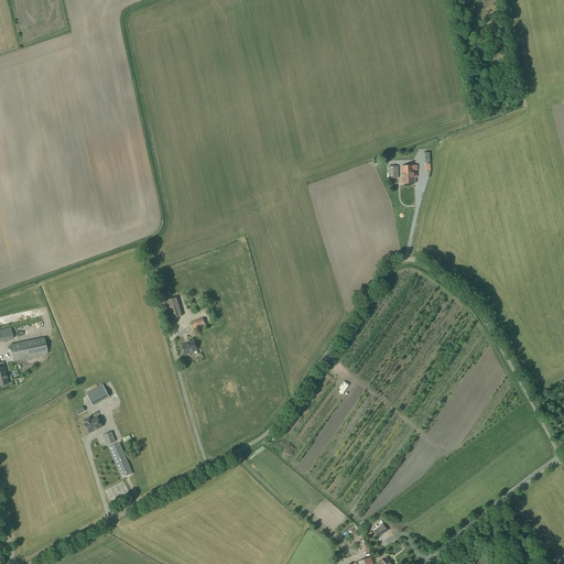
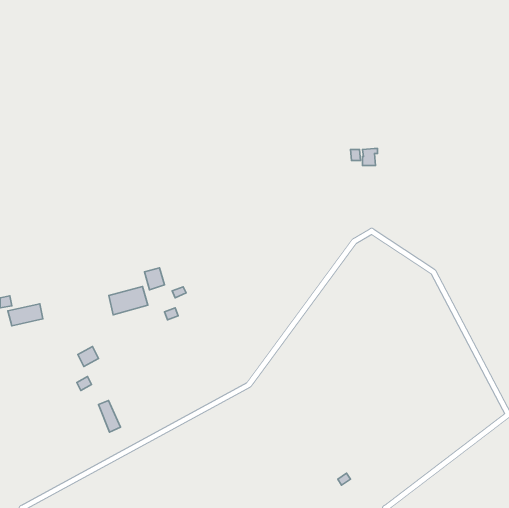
building: none -> [109,287,148,315]

